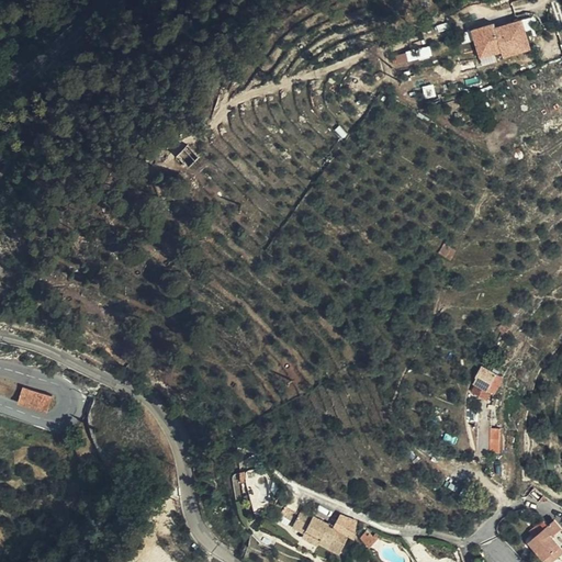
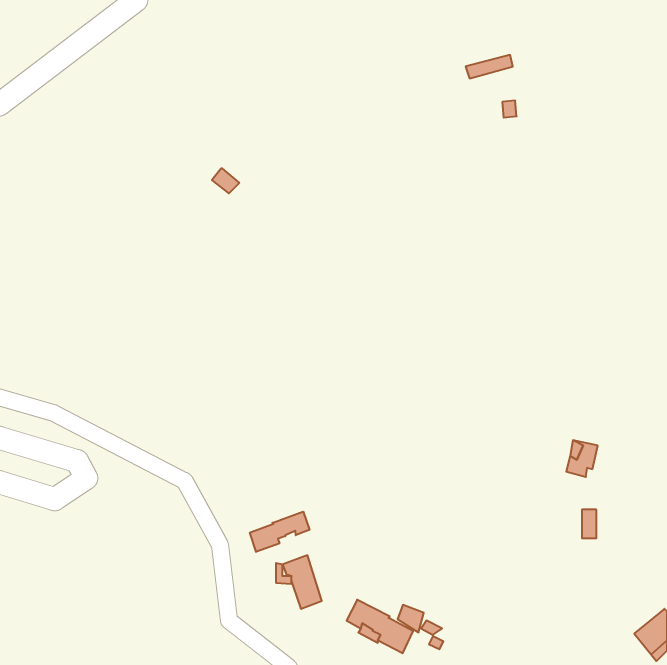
building: [471,21,529,61] -> none
building: [18,391,52,414] -> none
building: none -> [250,512,309,552]

